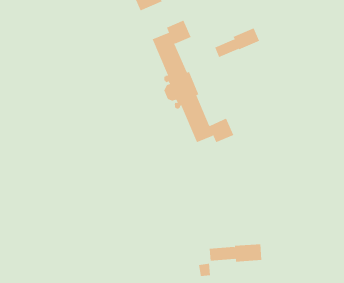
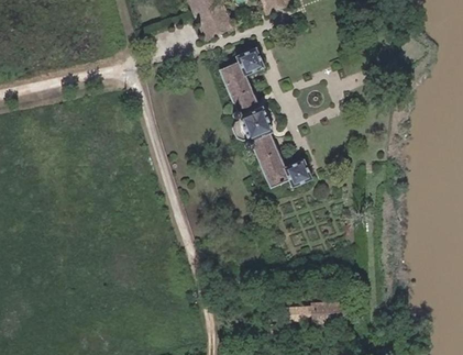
building: [214,27,260,58] -> none

